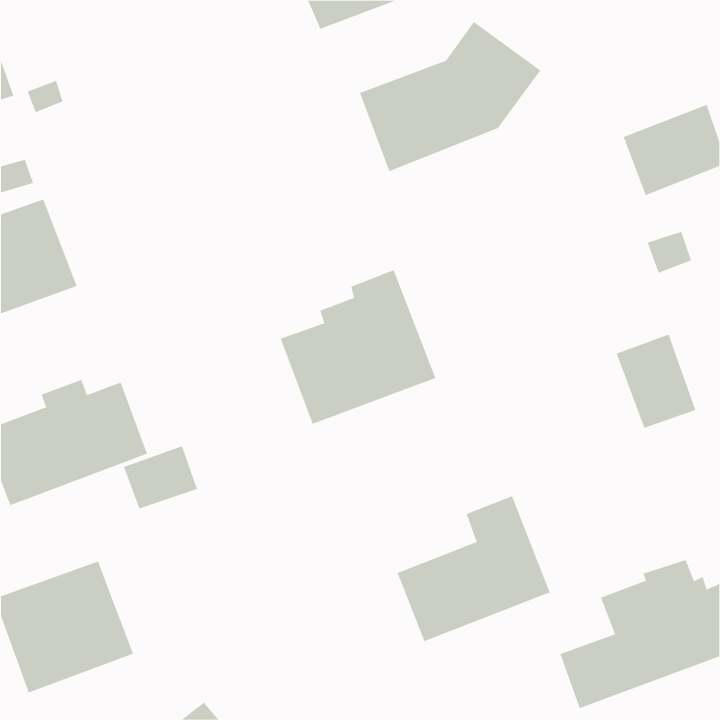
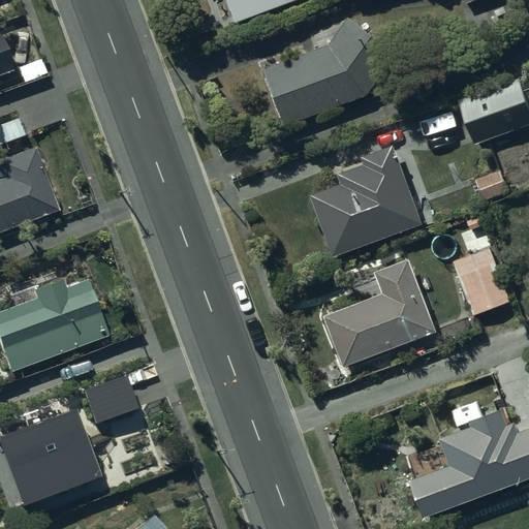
building: [280,270,436,425] -> [308,143,423,256]
building: [123,446,198,509] -> [82,377,136,424]
building: [397,495,550,642] -> [322,258,435,366]

